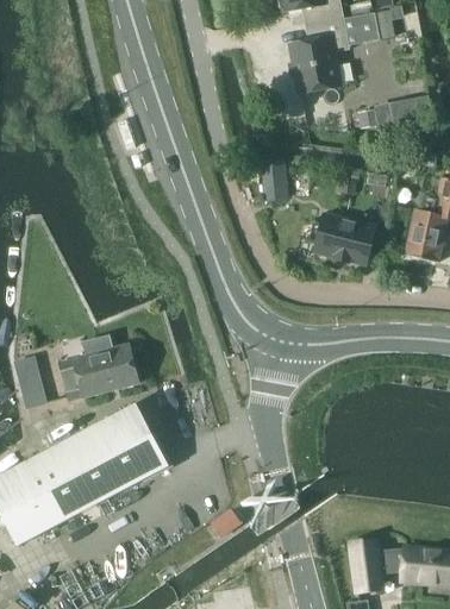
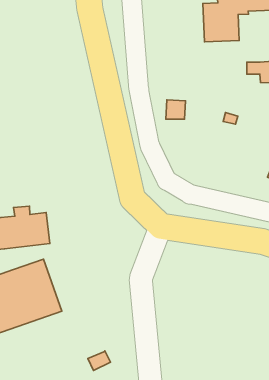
building: [313,213,376,266] -> none

